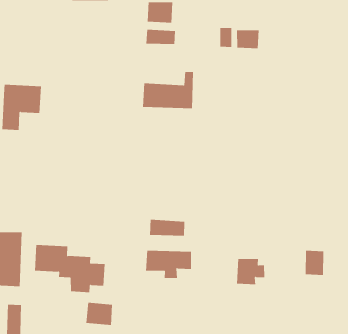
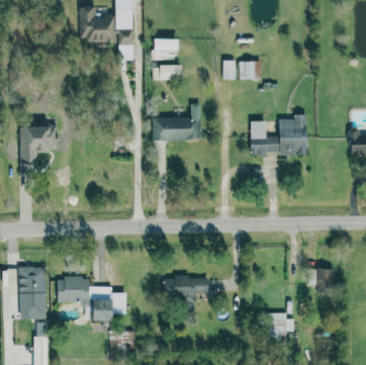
building: none -> [250,114,306,156]
building: [150,219,185,236] -> none
building: [236,259,265,285] -> [267,312,294,338]

